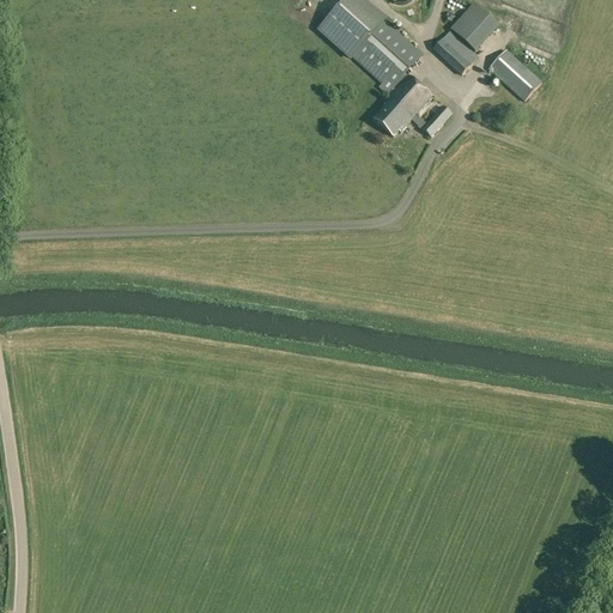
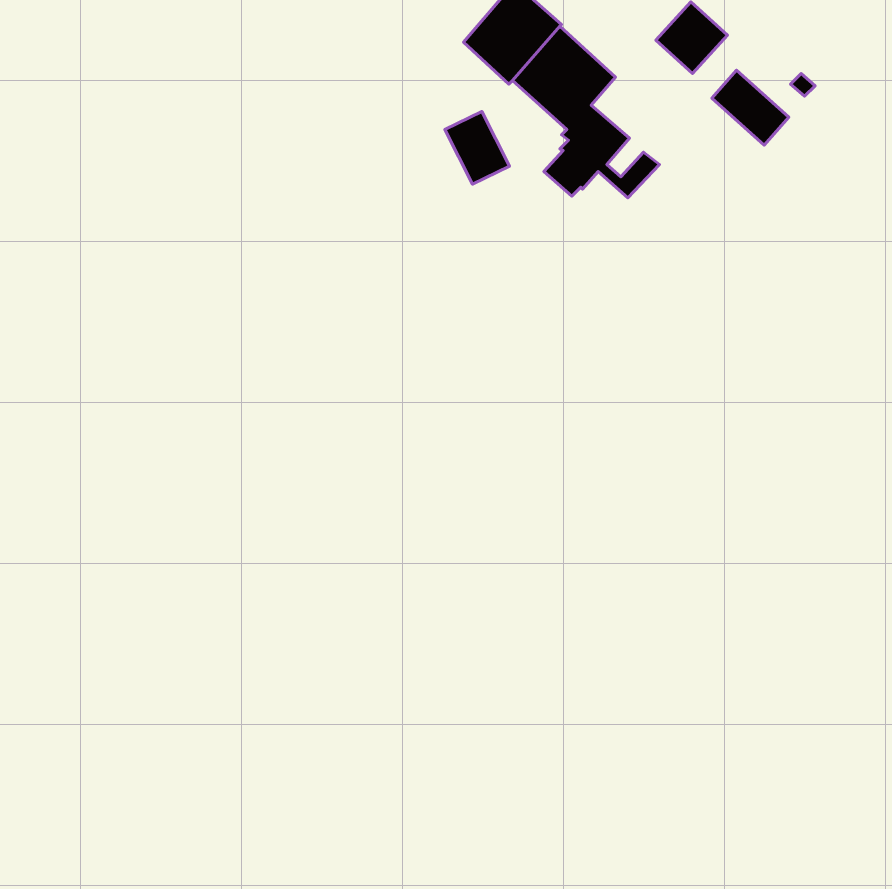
building: [432,29,477,73] -> none
building: none -> [445,111,509,184]

